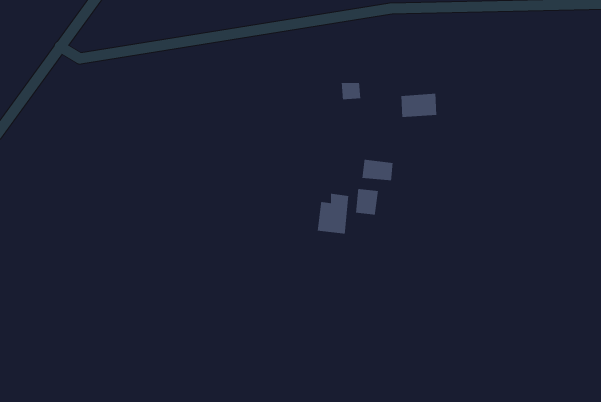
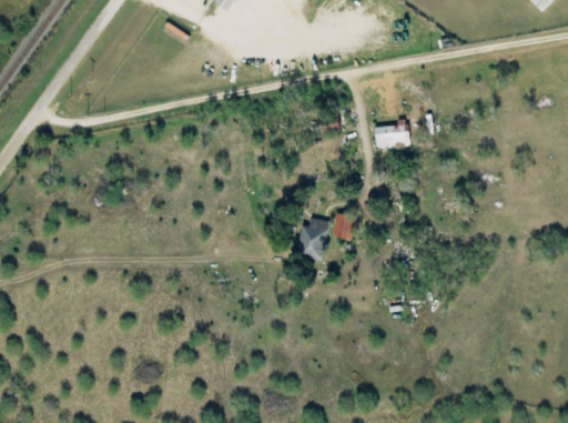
building: [361,159,394,181] -> none

